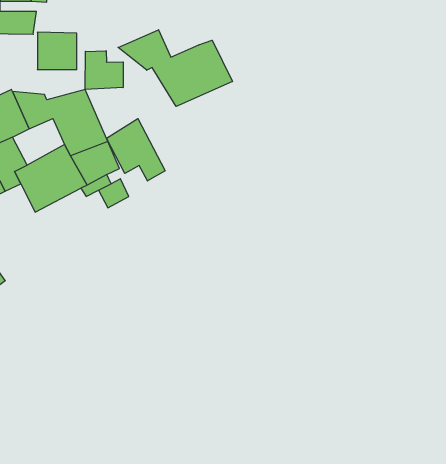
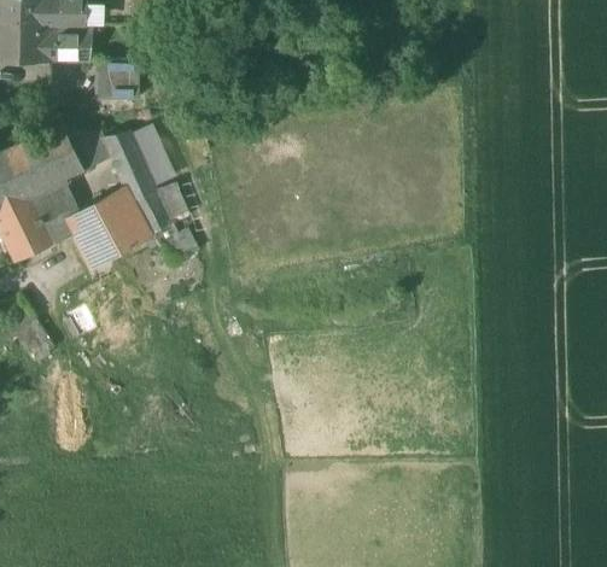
building: [118,30,232,106] -> none
building: [85,51,123,89] -> none
building: [107,119,165,181] -> none

